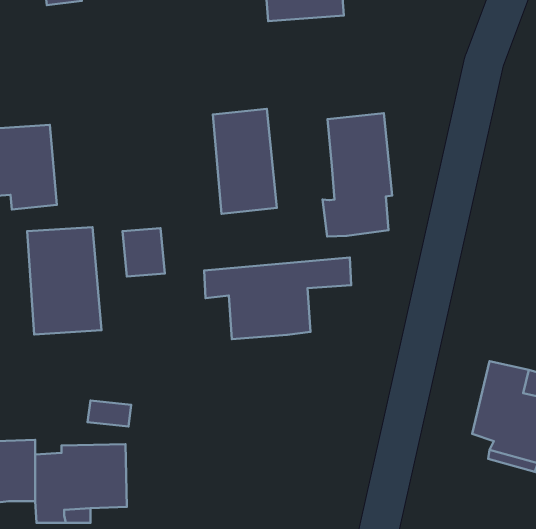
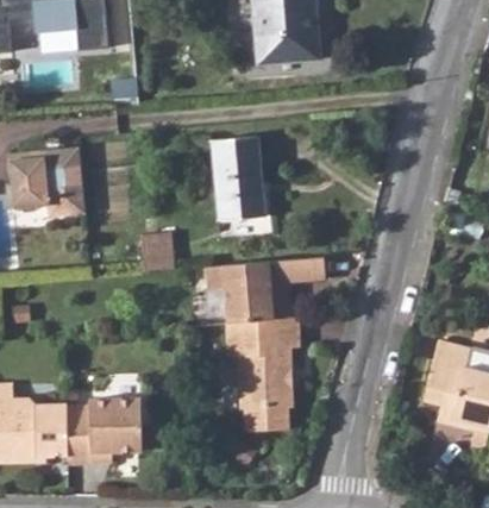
building: [323,113,392,237] -> none
building: [27,227,101,335] -> none
building: none -> [225,318,299,432]

